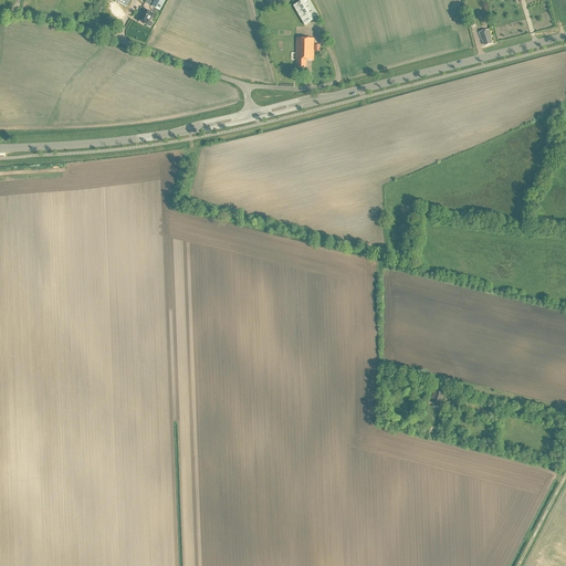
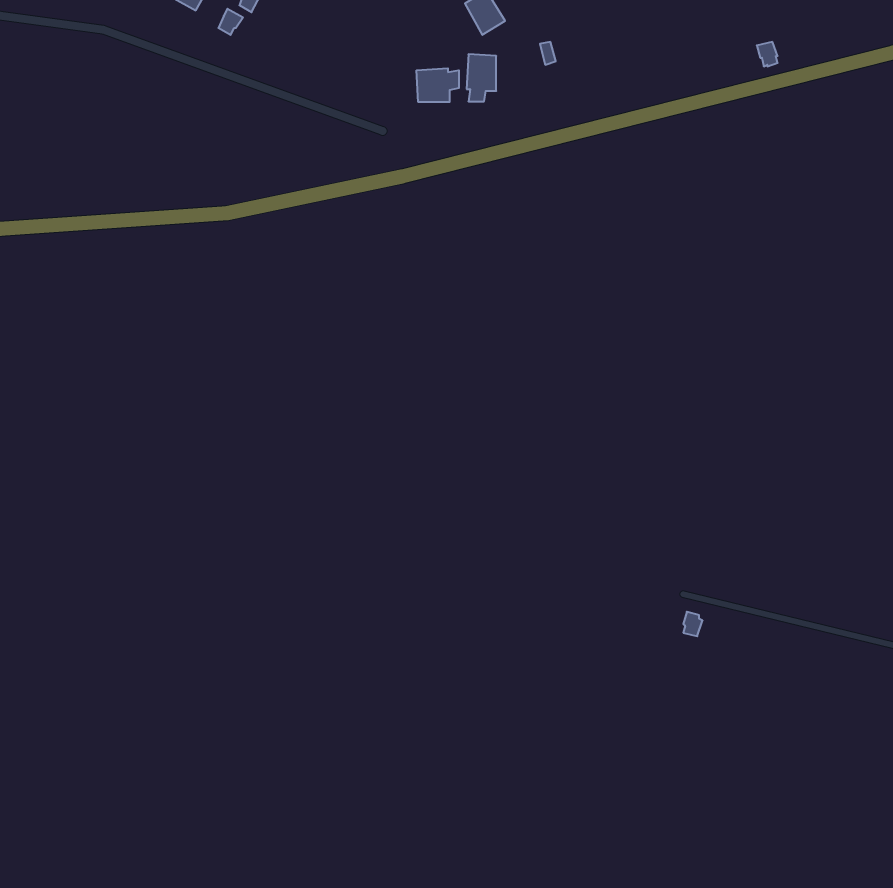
building: none -> [417,68,459,102]

